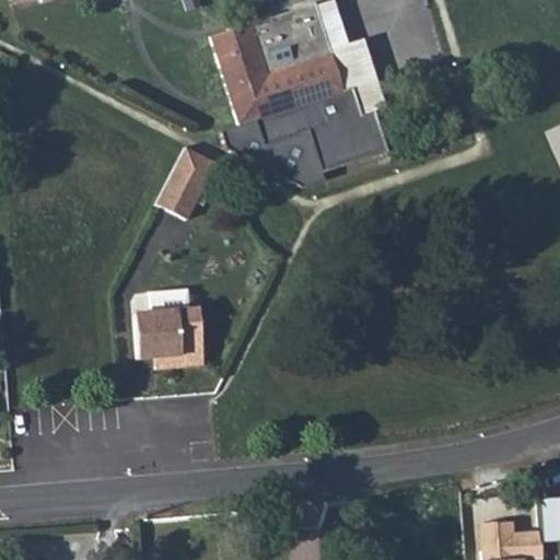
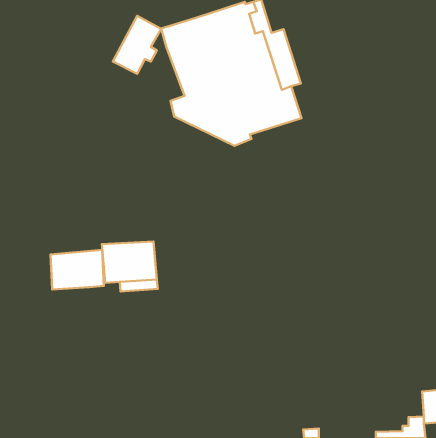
building: [155,144,217,218] -> [113,16,161,74]
building: none -> [51,250,104,290]
building: [481,516,524,548] -> none

